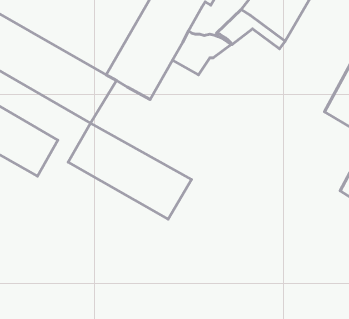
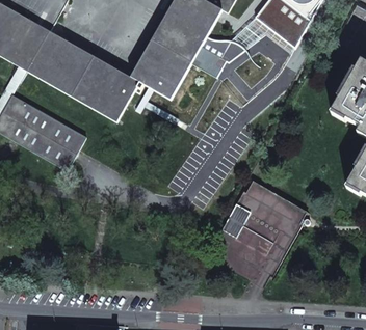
building: [68,123,191,219] -> none
building: none -> [209,180,307,287]

